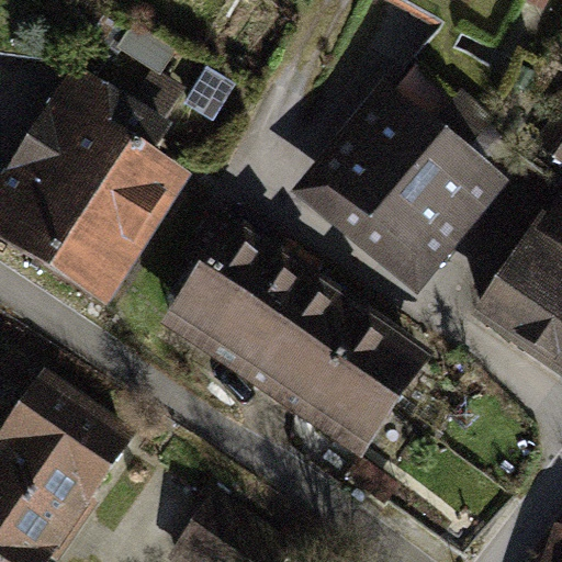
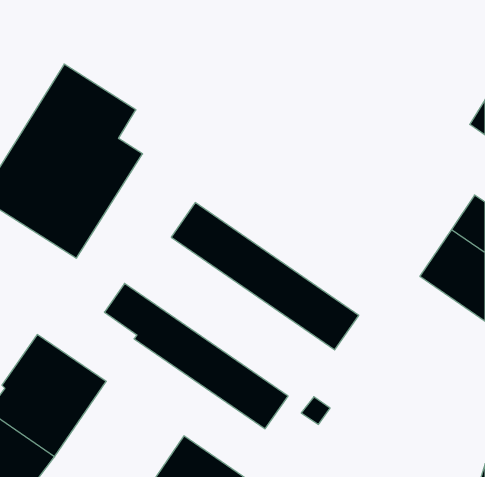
building: [330,71,488,269] -> none
building: [173,285,384,452] -> [104,283,288,429]

